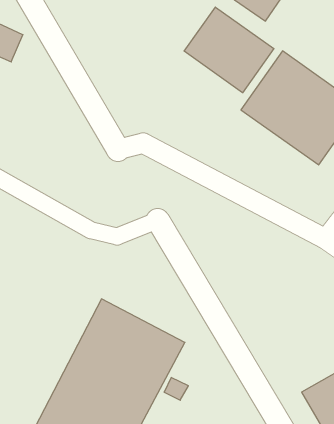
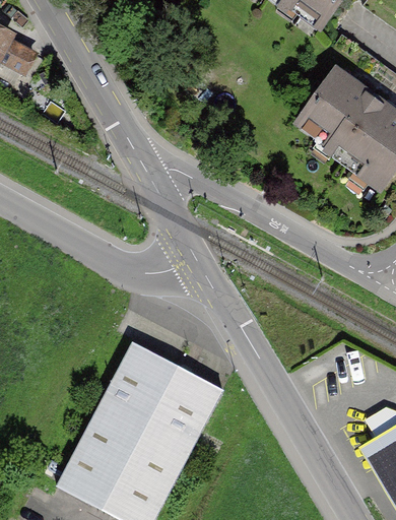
building: [184,7,274,93] -> none

